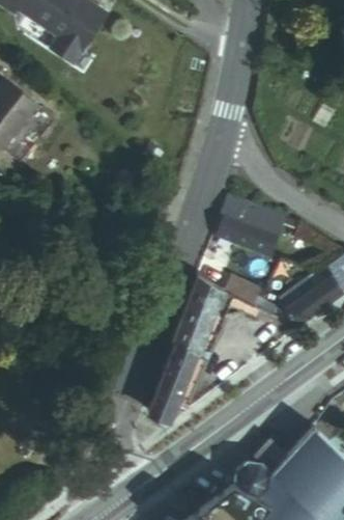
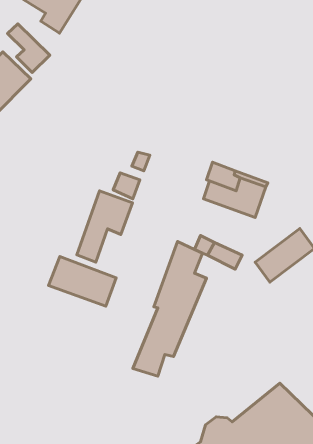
building: none -> [8,24,50,73]
building: none -> [77,191,133,262]
building: none -> [49,257,116,306]

